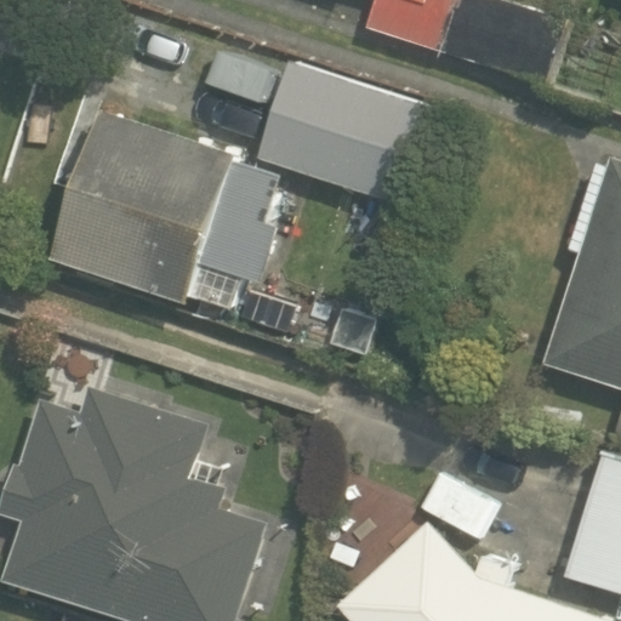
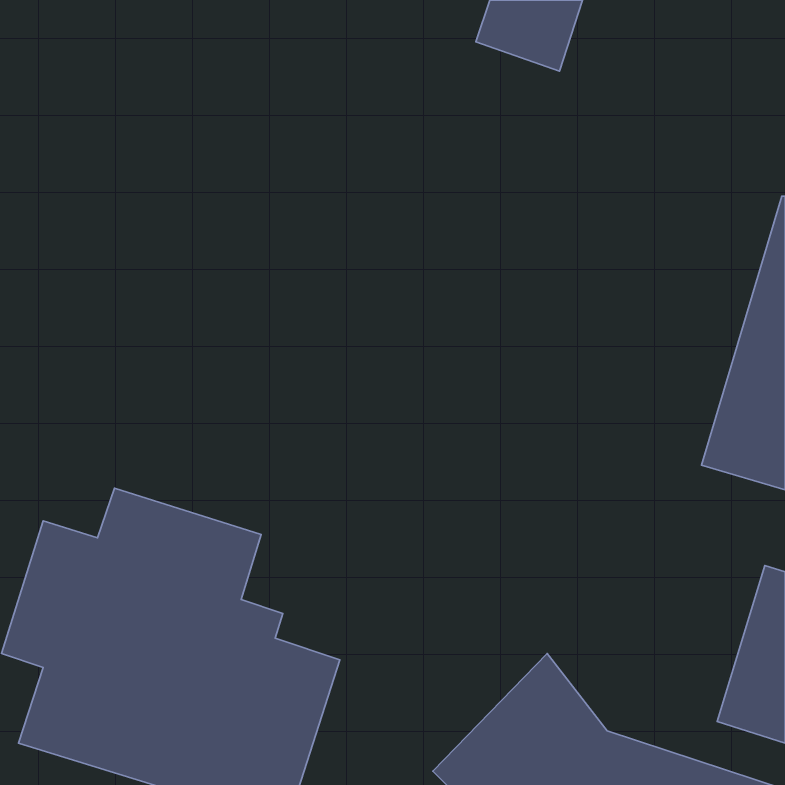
building: [252,52,433,201] -> none
building: [52,107,235,304] -> none

